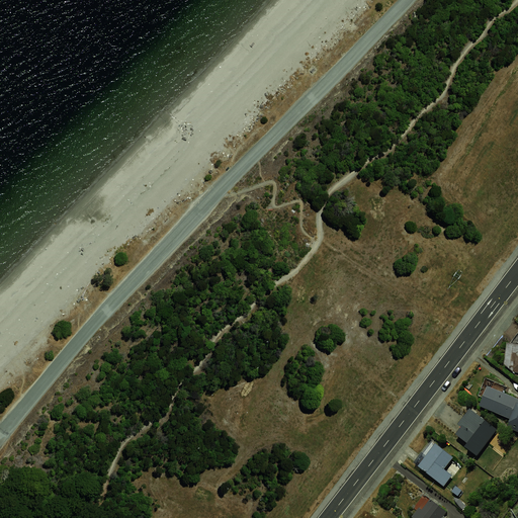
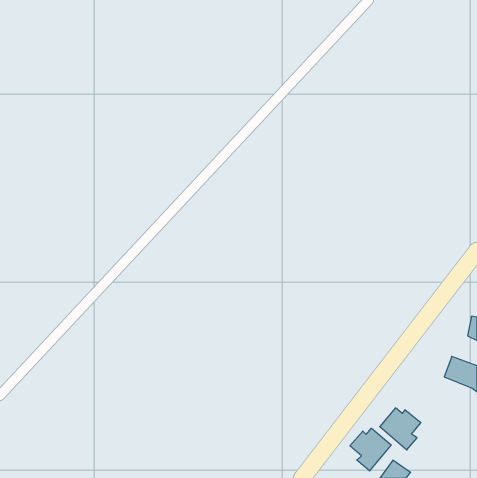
building: [456,409,500,455] -> none
building: none -> [350,428,391,471]

